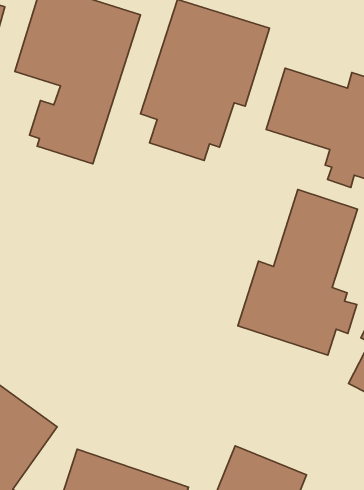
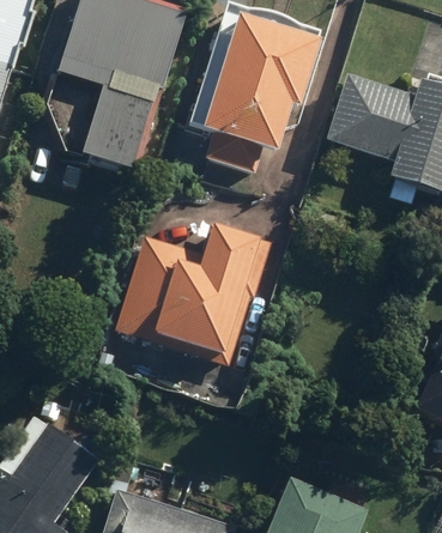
building: [238,189,357,355] -> none
building: none -> [116,220,272,363]

